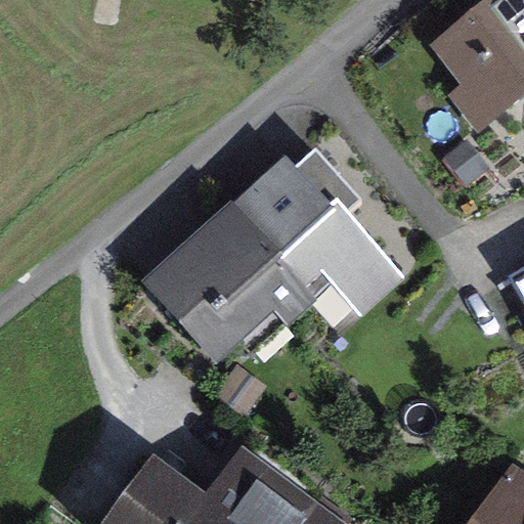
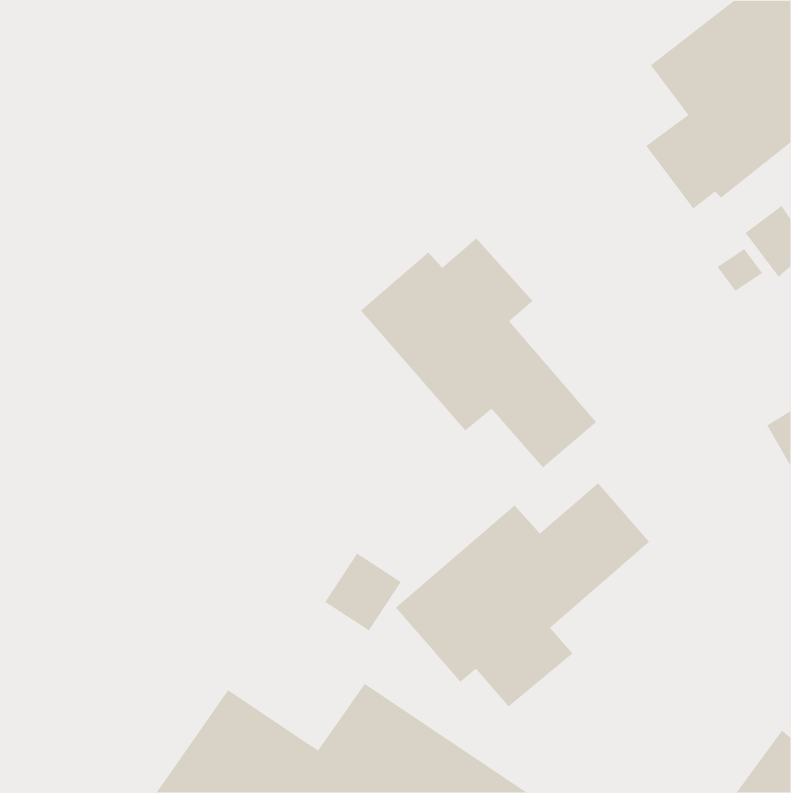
building: [151,205,307,359] -> none
building: none -> [395,482,650,707]

